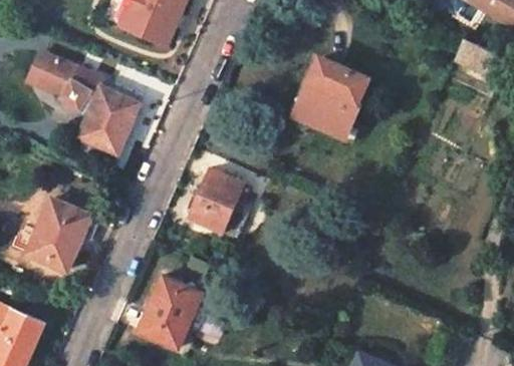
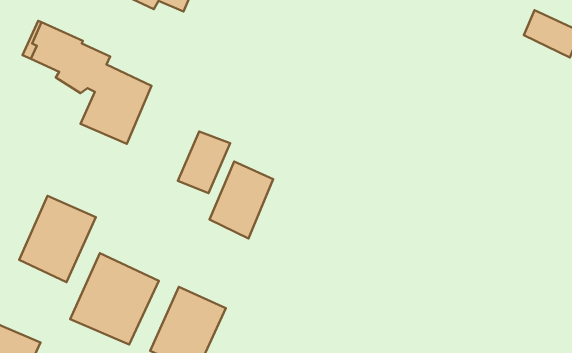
building: [298,58,366,134] -> none
building: none -> [178,132,230,193]
building: none -> [70,253,159,345]

